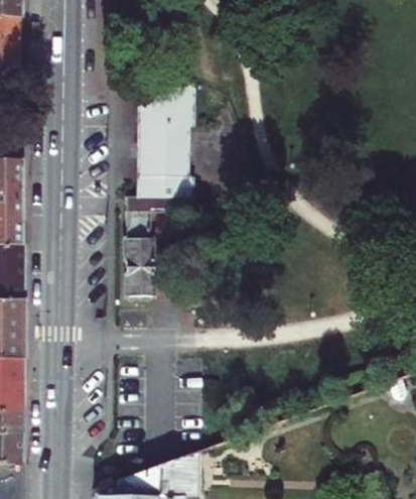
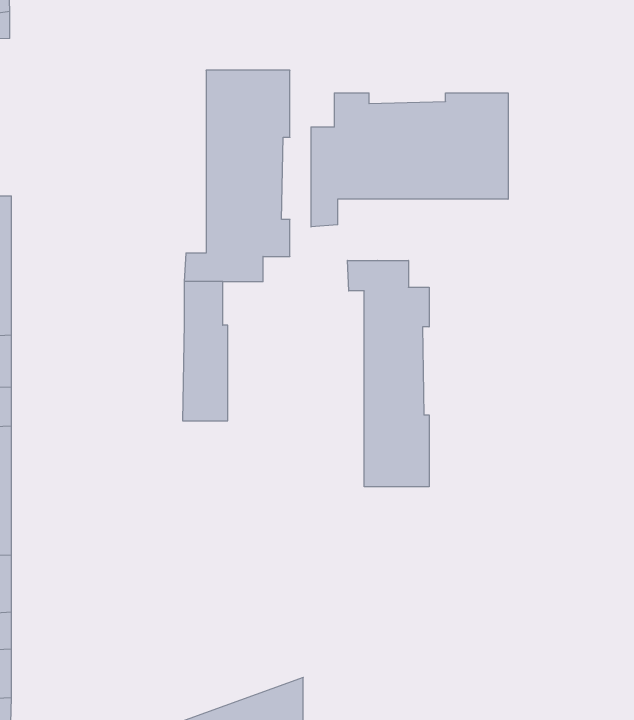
building: none -> [311,93,508,227]
building: none -> [347,260,429,487]

